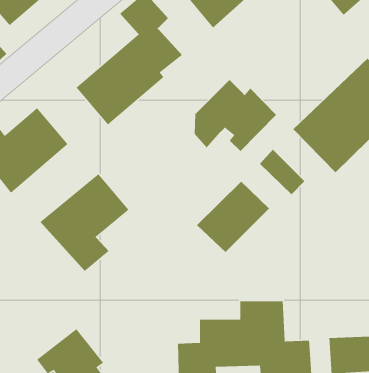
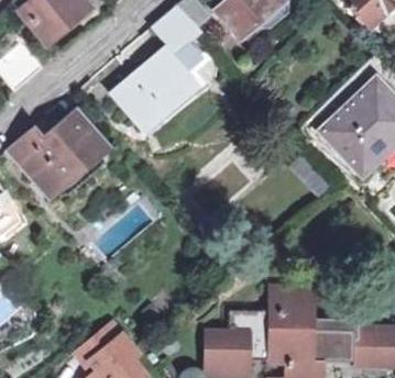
building: [194,79,277,152] -> none
building: [40,173,130,272] -> none
building: [196,181,270,253] -> none

